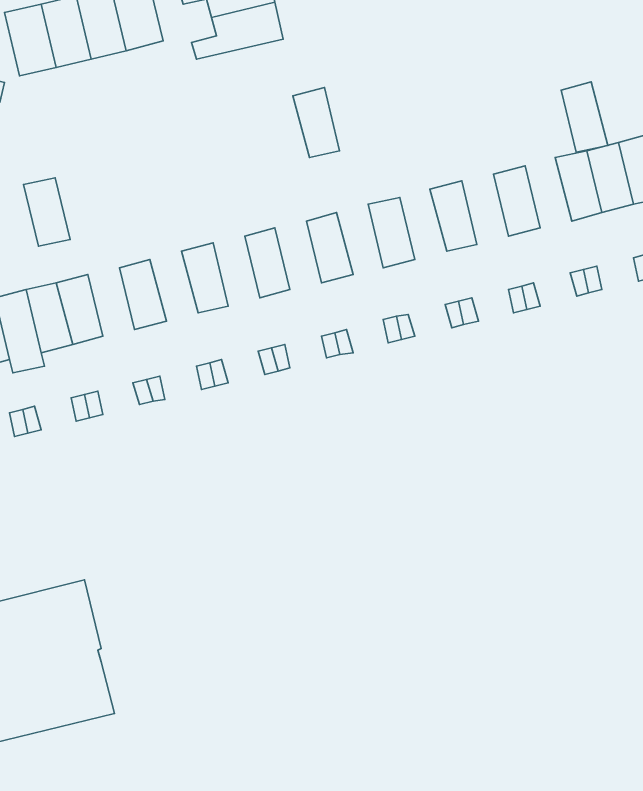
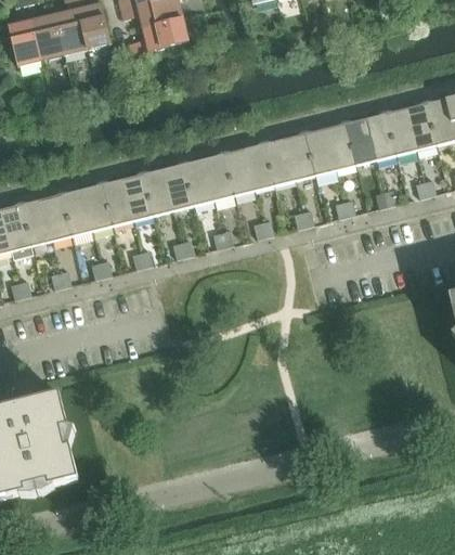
building: [561,82,608,152] -> [344,118,375,164]
building: [293,87,340,158] -> [222,149,252,194]
building: none -> [303,129,334,175]
building: [24,178,70,246] -> [61,190,91,234]
building: none -> [263,139,294,184]
building: none -> [182,159,212,204]
building: none -> [142,169,172,215]
building: none -> [101,179,132,224]

